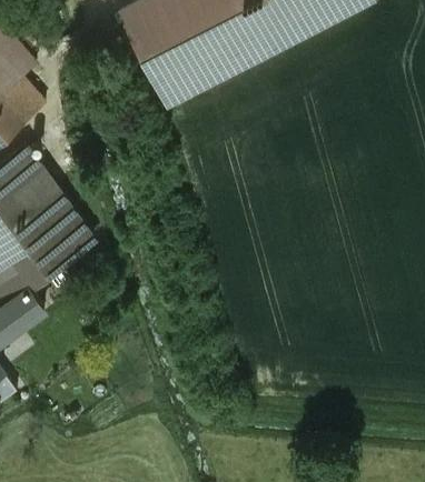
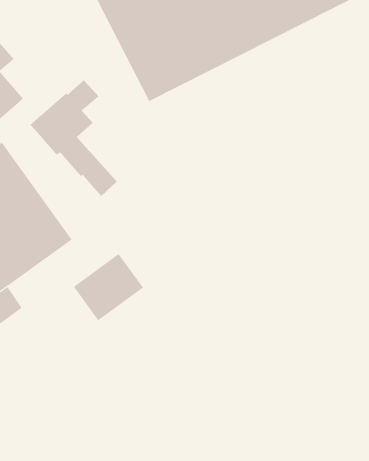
building: none -> [30,80,117,197]
building: none -> [73,253,144,321]

